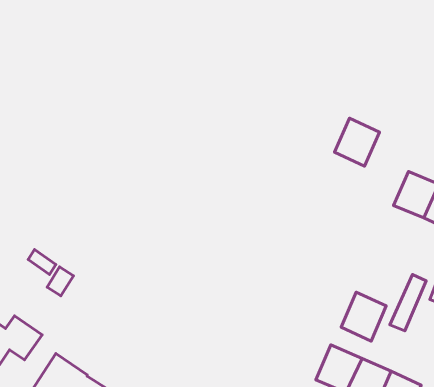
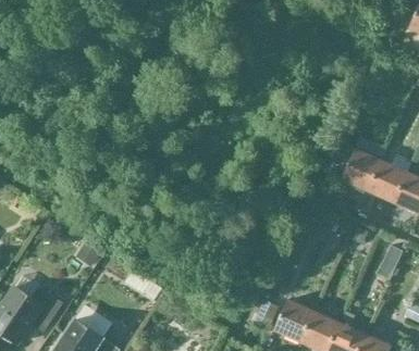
building: [334,118,380,166] -> [342,149,381,190]
building: [341,292,386,341] -> [274,299,313,341]

